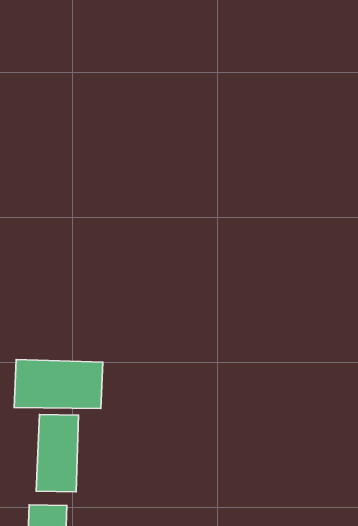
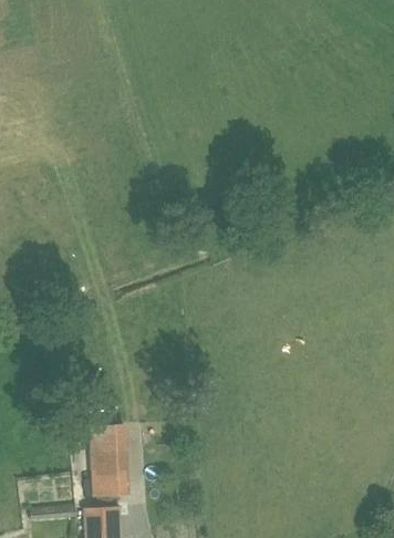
building: [14,360,103,409] -> none

